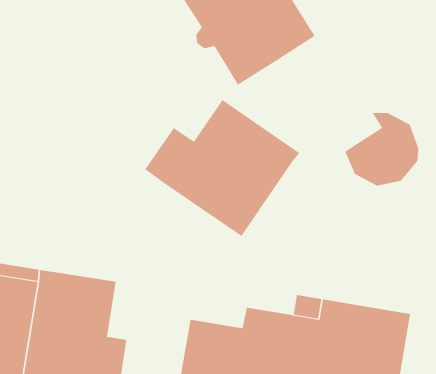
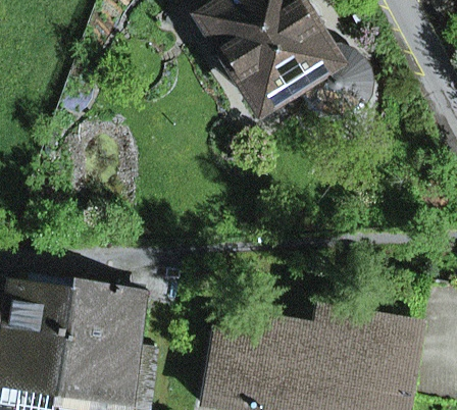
building: [144,99,300,237] -> none
building: [344,113,419,186] -> [299,46,369,115]

